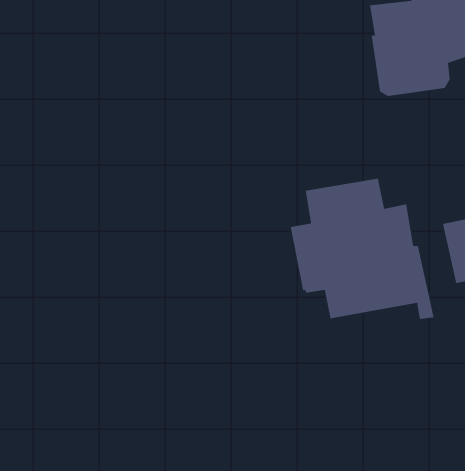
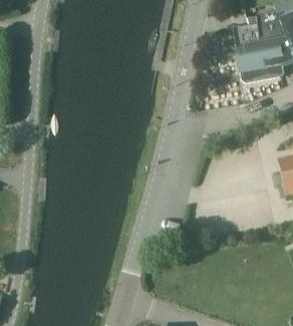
building: [290,178,434,320] -> none

